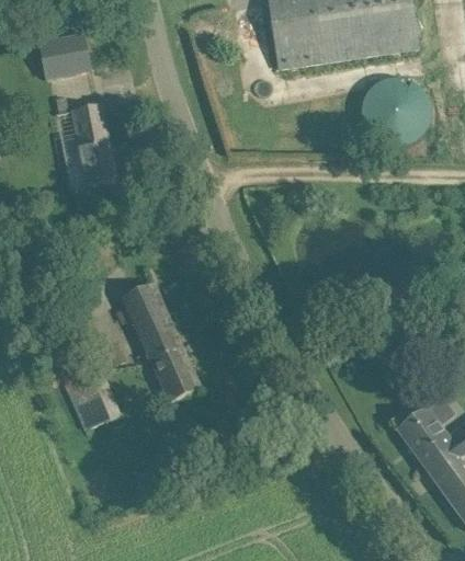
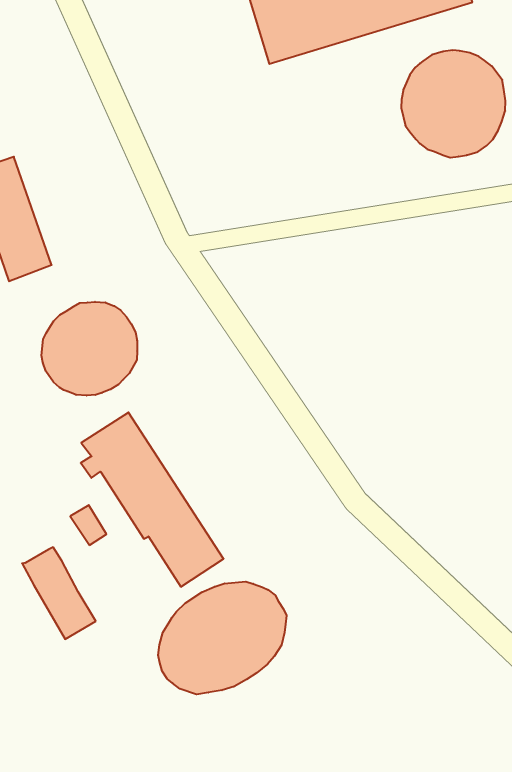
building: none -> [41,302,137,396]
building: none -> [158,582,287,694]

